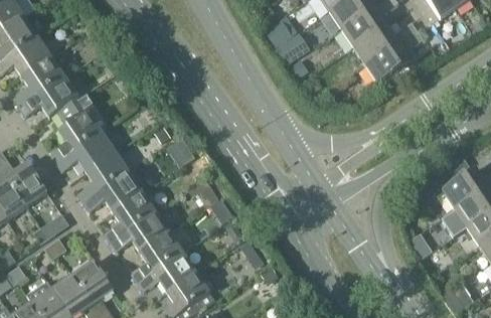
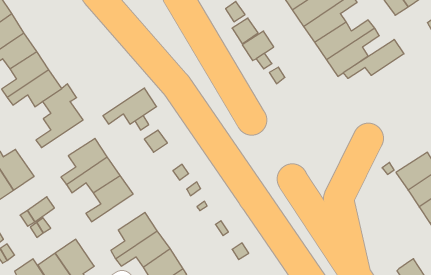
building: none -> [343,39,404,78]
building: [56,131,115,170] -> [103,88,157,124]
building: [111,211,169,251] -> none

